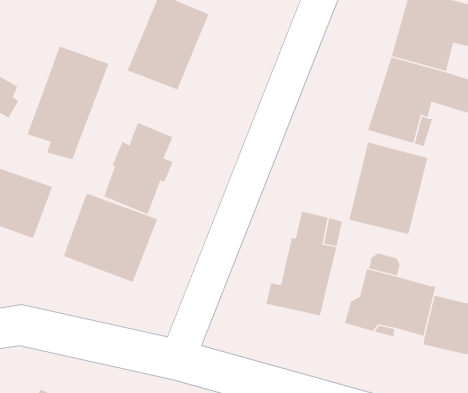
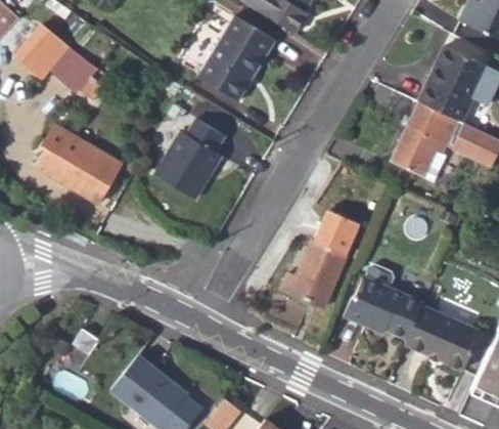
building: [27,46,110,160] -> none
building: [349,142,428,235] -> none
building: [63,193,158,283] -> none

